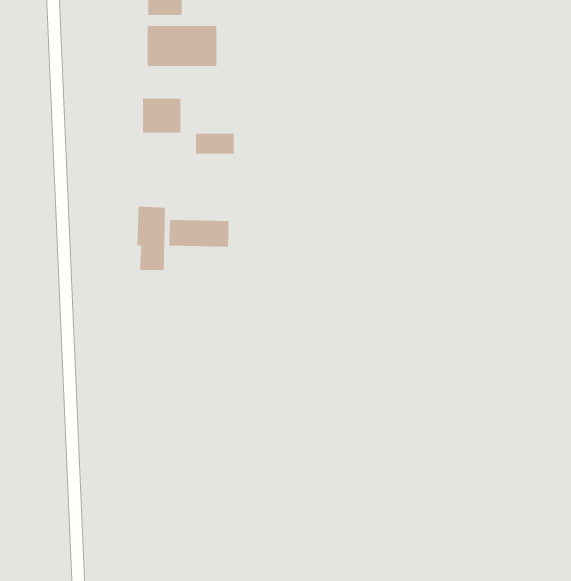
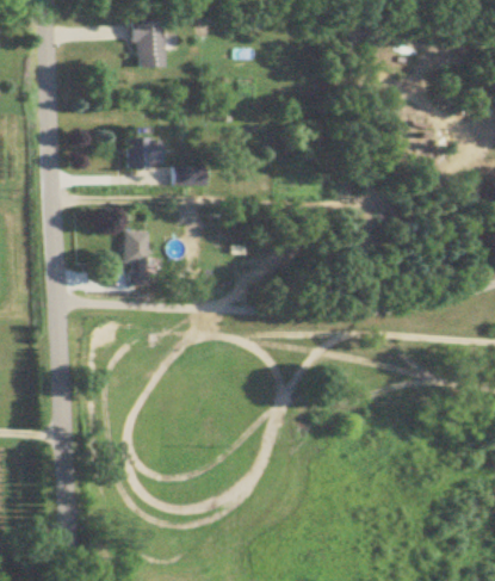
building: [147,25,217,67] -> none
building: [169,219,229,248] -> none

